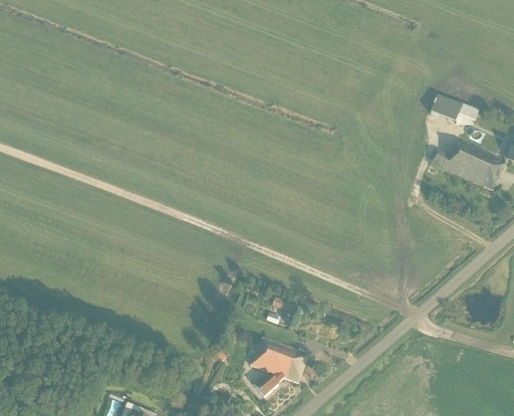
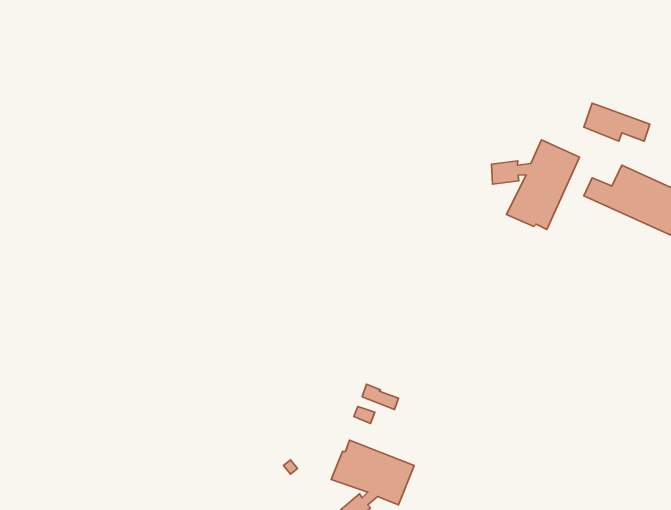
building: none -> [492,140,579,229]

